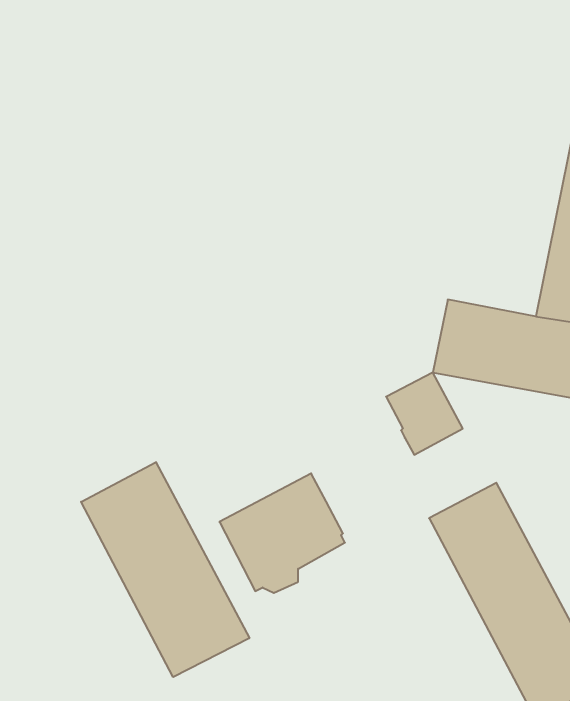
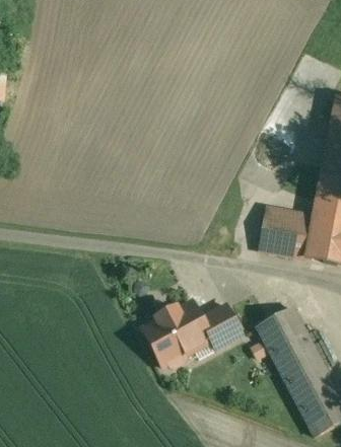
building: [386,372,463,455] -> [200,304,242,349]
building: [81,462,249,677] -> none

